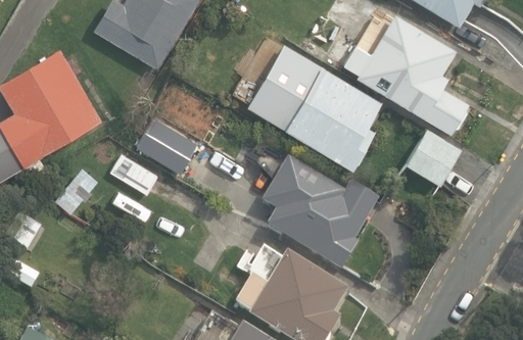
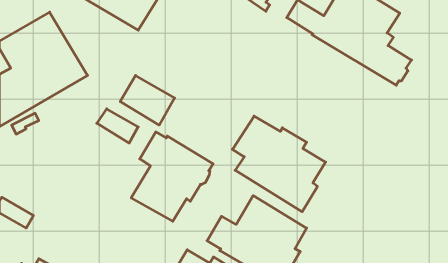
building: [249,45,376,162] -> none
building: [407,131,463,186] -> none
building: none -> [131,132,213,221]

